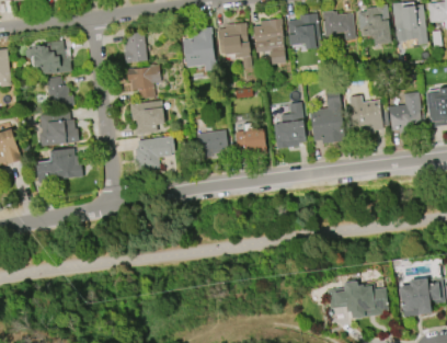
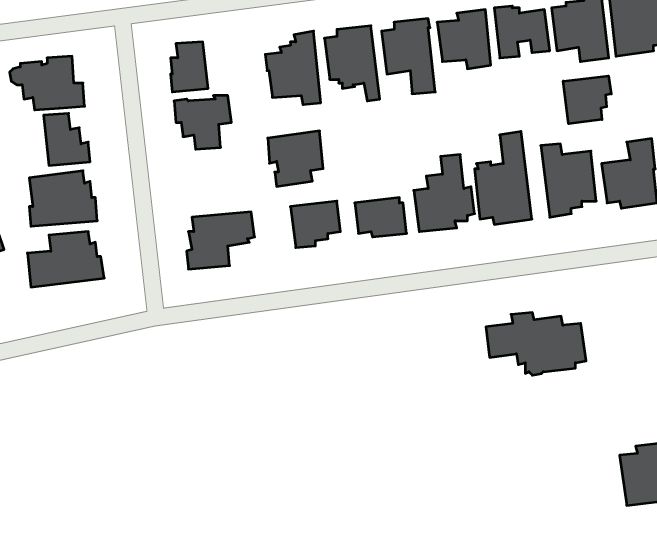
building: none -> [563,76,611,124]
building: [130,101,164,135] -> [268,131,323,186]
building: [328,282,389,320] -> [486,313,586,375]

